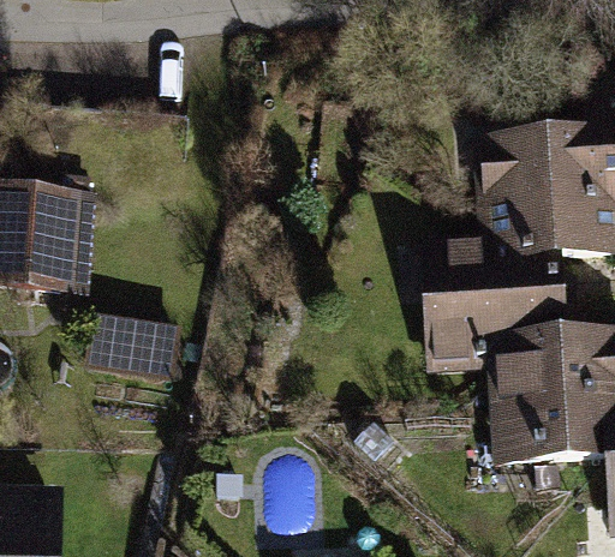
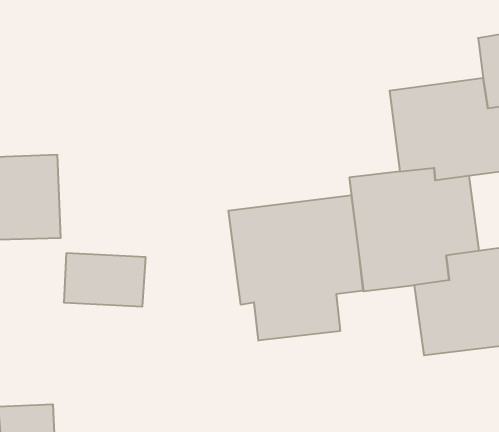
building: none -> [228,195,363,341]

